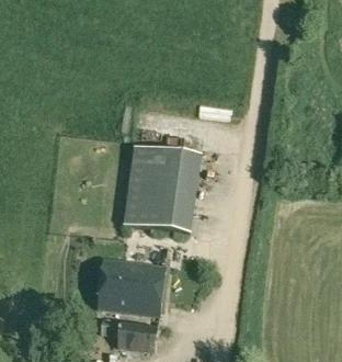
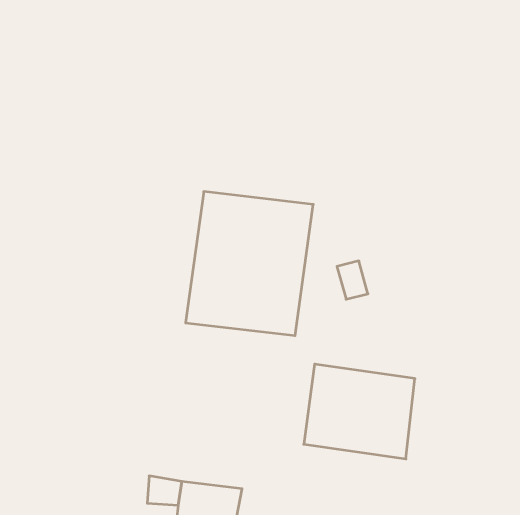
building: [99,258,166,315] -> [304,364,415,459]

